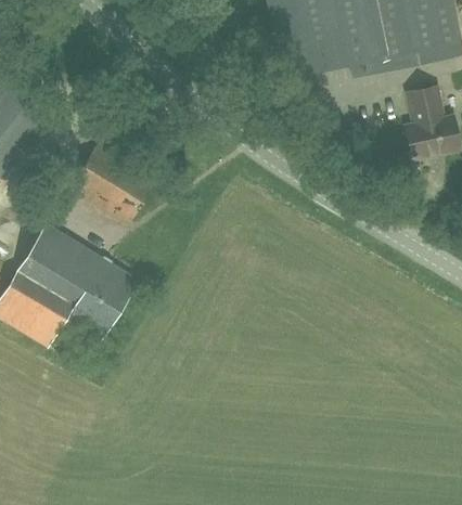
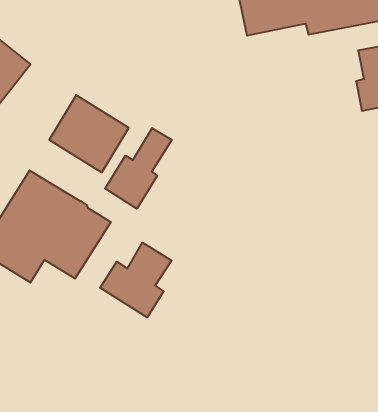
building: none -> [105,128,172,209]
building: none -> [100,243,171,318]

